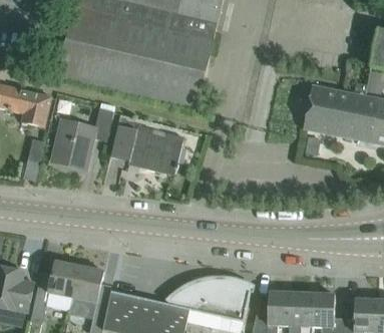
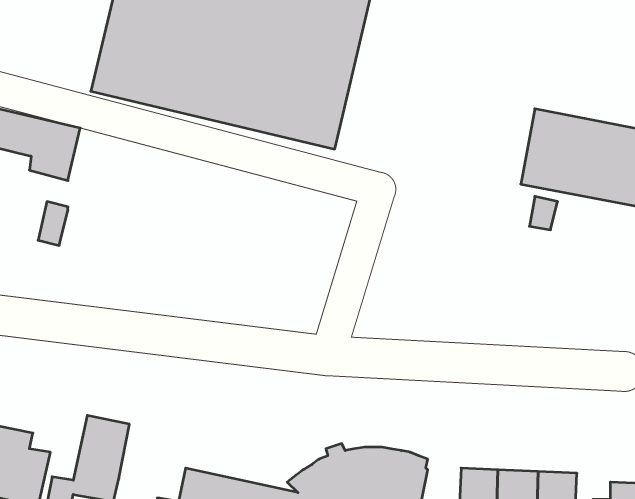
building: [51,108,113,169] -> none
building: [110,112,183,175] -> none
building: [73,266,103,302] -> none

